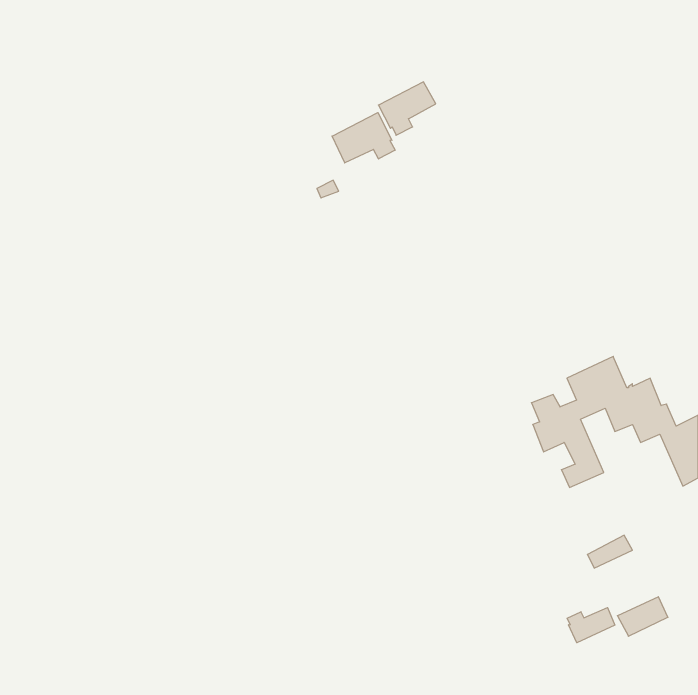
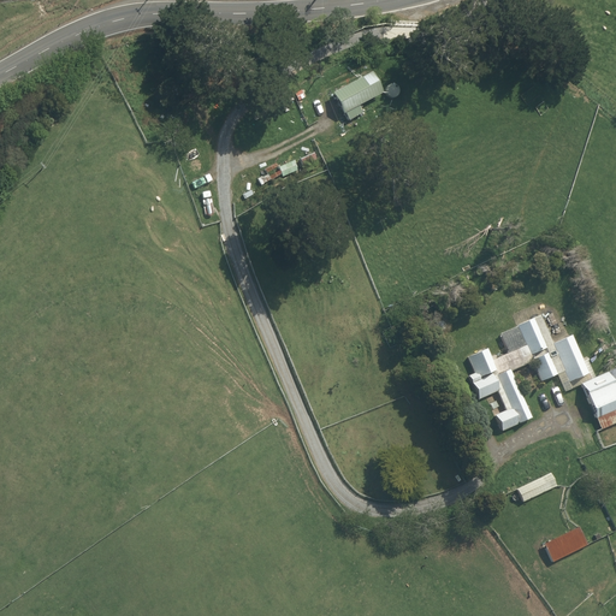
building: [332,113,395,163] -> none
building: [567,608,615,643] -> none

